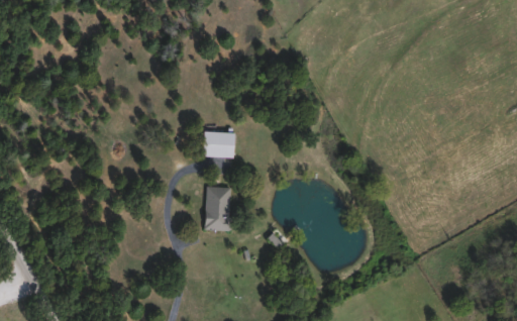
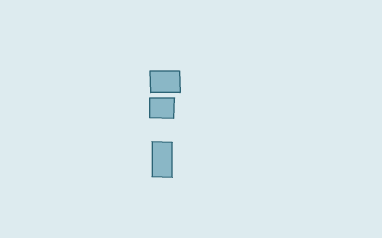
building: none -> [150,71,180,93]

